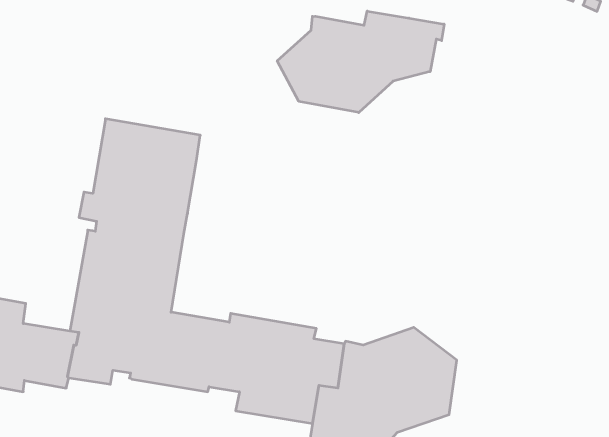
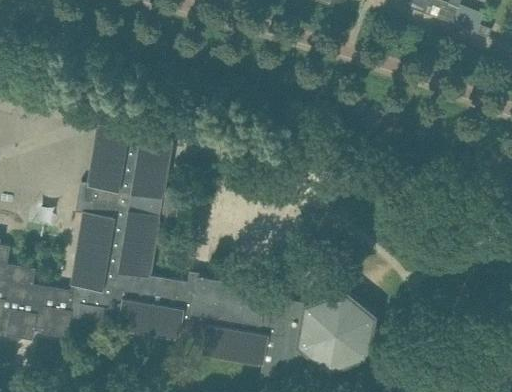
building: [277,11,444,113] -> none

